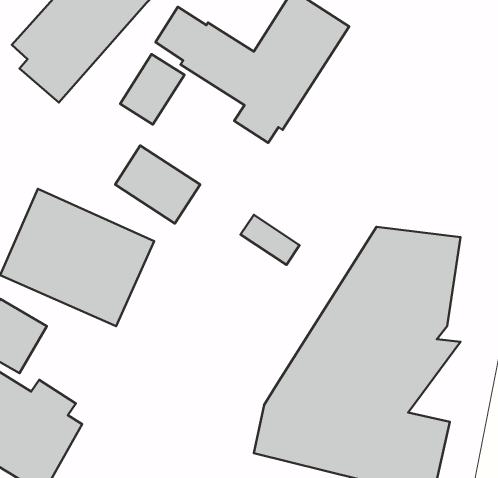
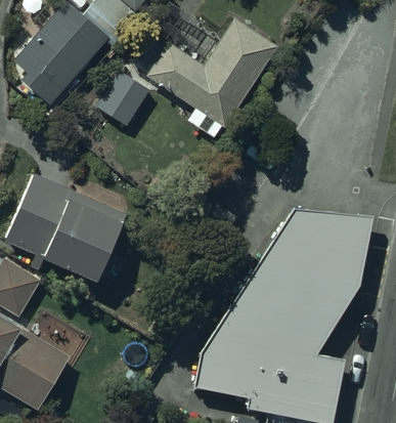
building: [115,146,200,224] -> none

